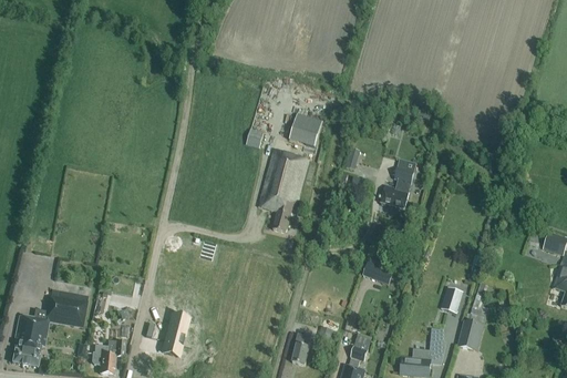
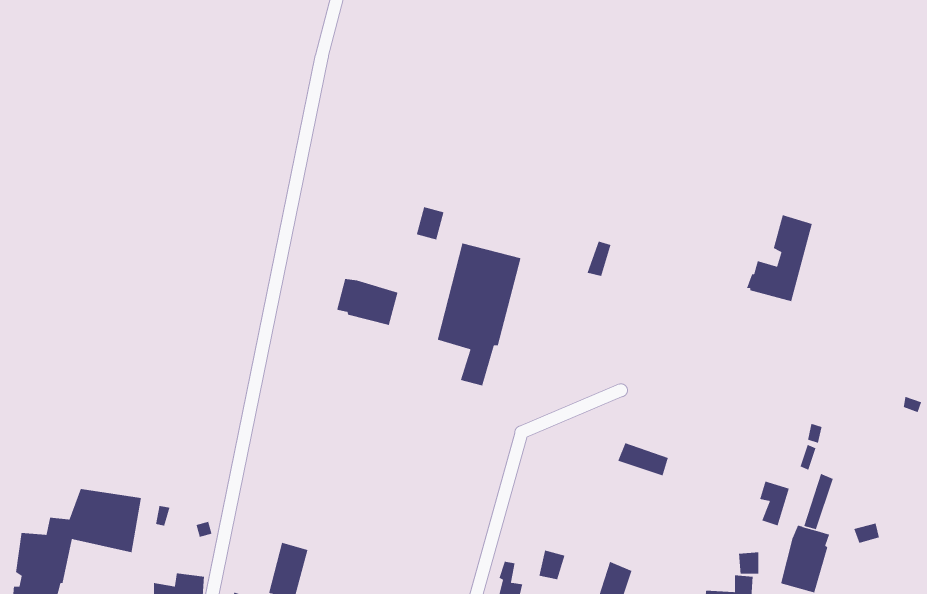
building: [289,111,322,145] -> none
building: [379,157,417,208] -> [746,214,813,302]
building: none -> [336,278,399,326]

